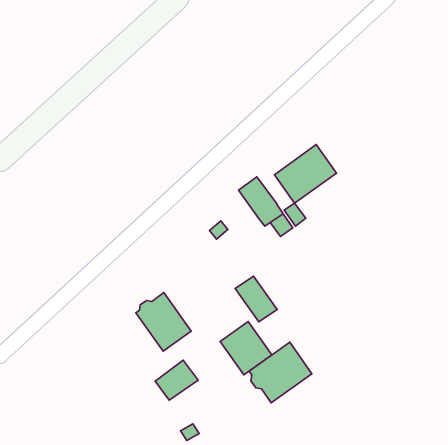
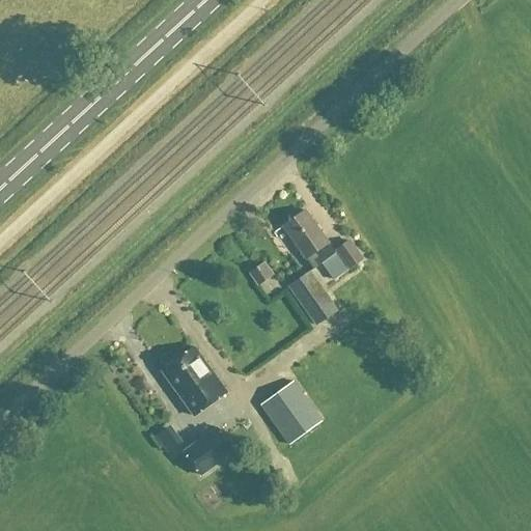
building: [274,145,336,203] -> none
building: [235,276,277,322] -> [288,271,338,325]
building: [249,342,312,403] -> none

